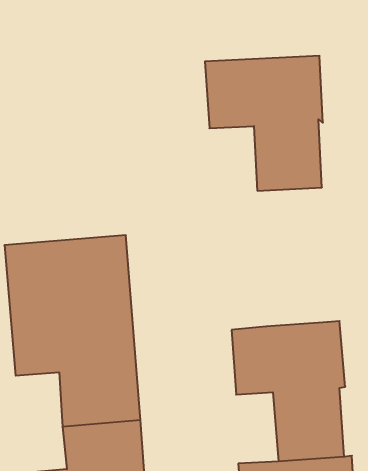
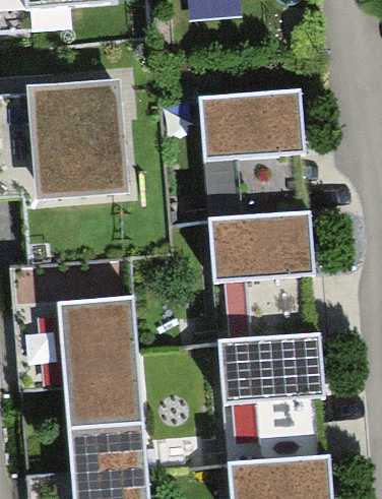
building: none -> [28,85,124,195]
building: none -> [208,214,318,342]

